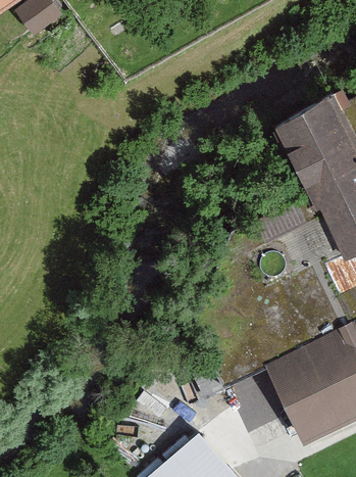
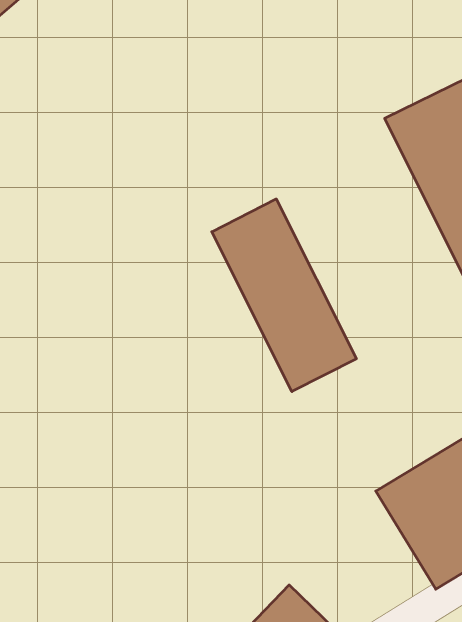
building: none -> [212,199,356,392]

